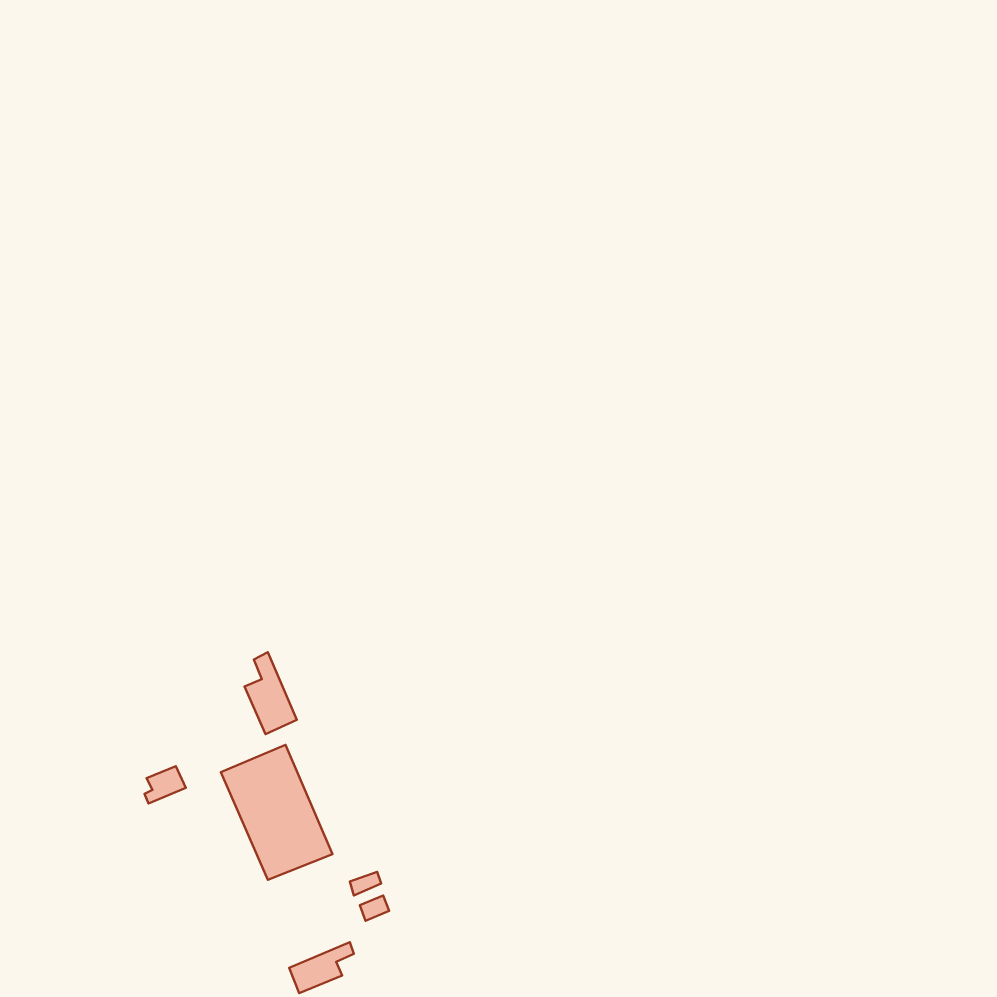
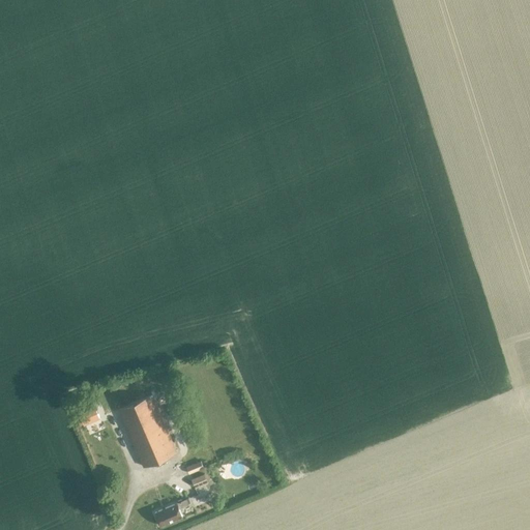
building: [245,652,297,734] -> none

